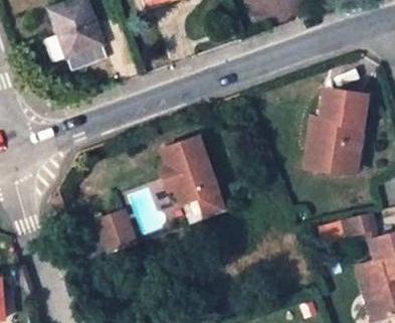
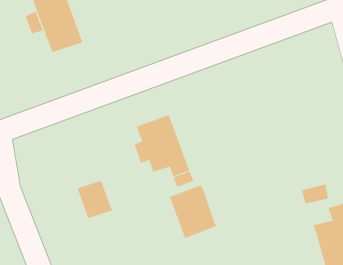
building: [311,92,368,176] -> none
building: none -> [169,184,217,239]

